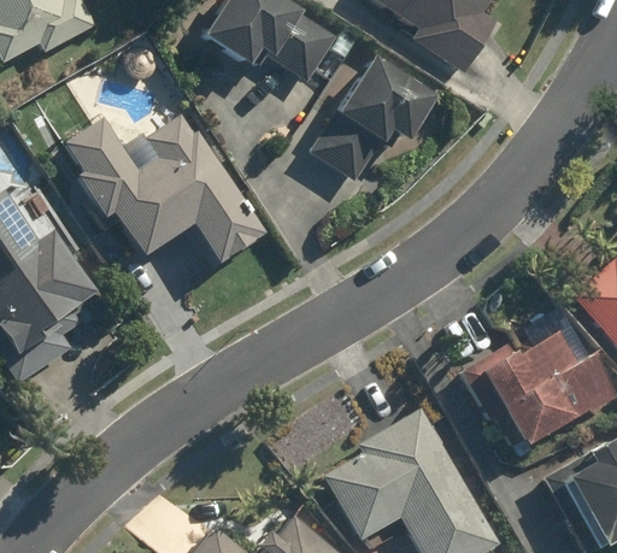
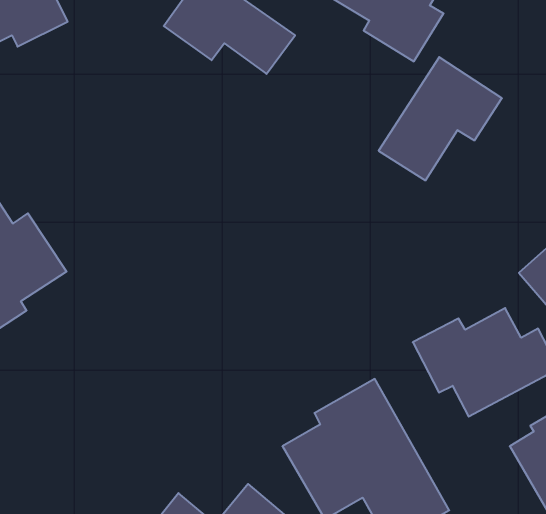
building: [307,52,437,182] -> [379,57,502,180]
building: [66,118,266,266] -> none

